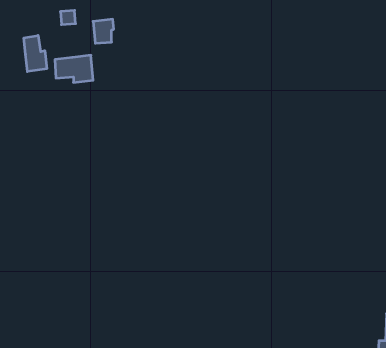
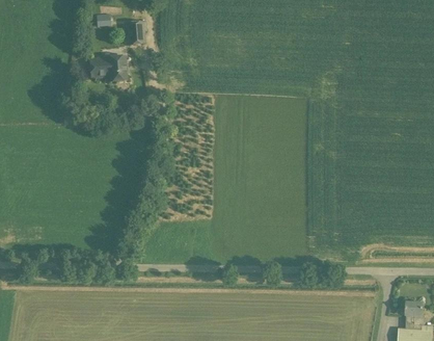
building: [24,35,47,72] -> none

